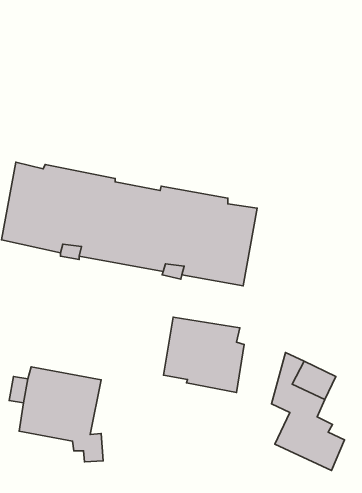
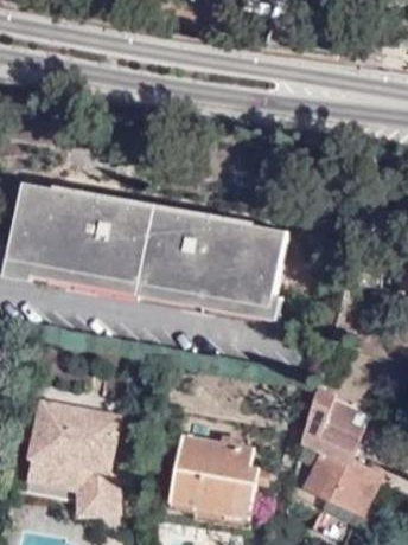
building: [163,317,244,393] -> [171,437,259,519]
building: none -> [24,474,117,514]

